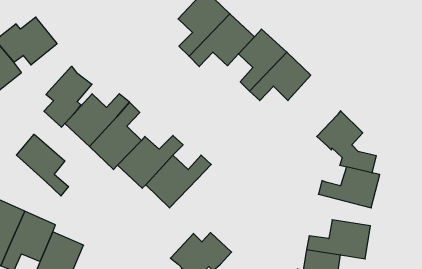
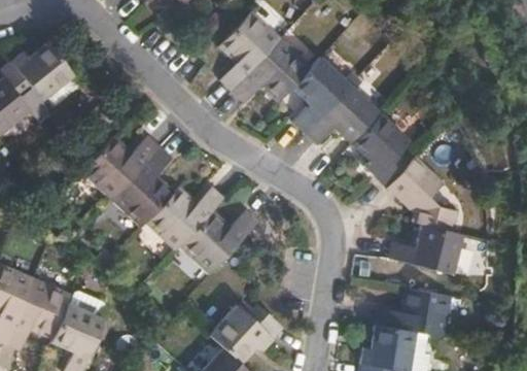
building: [44,66,92,127] -> none
building: none -> [352,112,412,188]
building: [16,134,68,196] -> none

